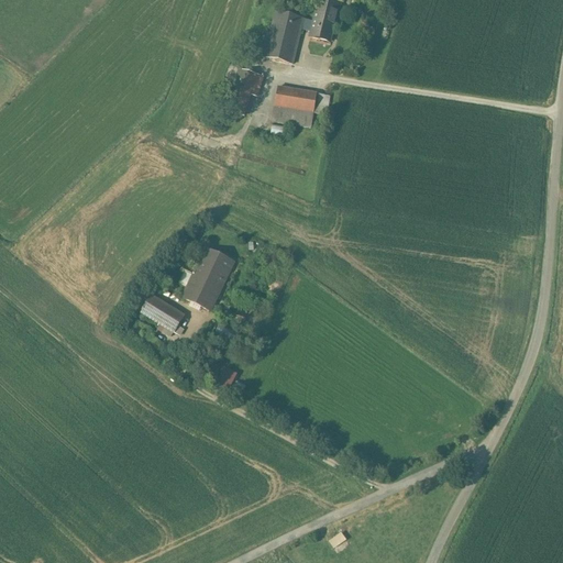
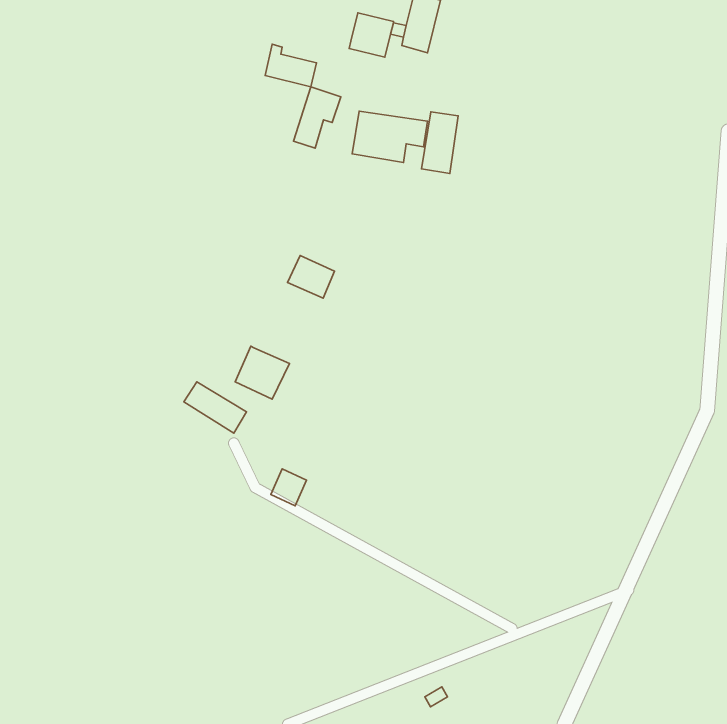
building: [258,30,298,63] -> [265,44,316,87]
building: none -> [421,112,458,174]
building: [197,247,233,280] -> [287,255,335,298]

